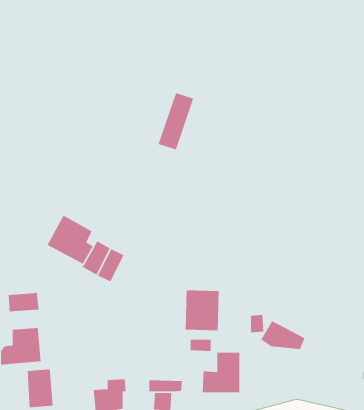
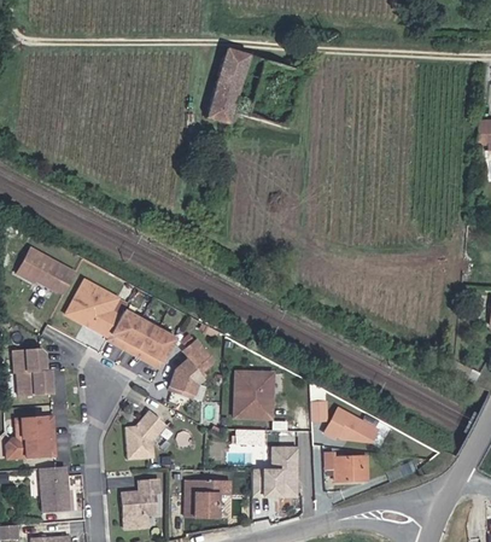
building: [158,92,194,150] -> [209,48,253,120]
building: none -> [14,246,76,295]
building: none -> [141,326,176,369]
building: none -> [166,337,215,398]
building: none -> [11,346,47,374]
building: none -> [124,409,166,460]
building: none -> [323,449,370,478]

